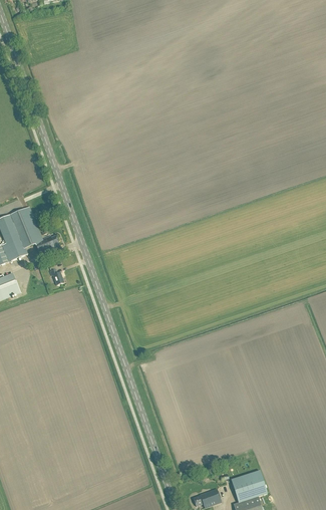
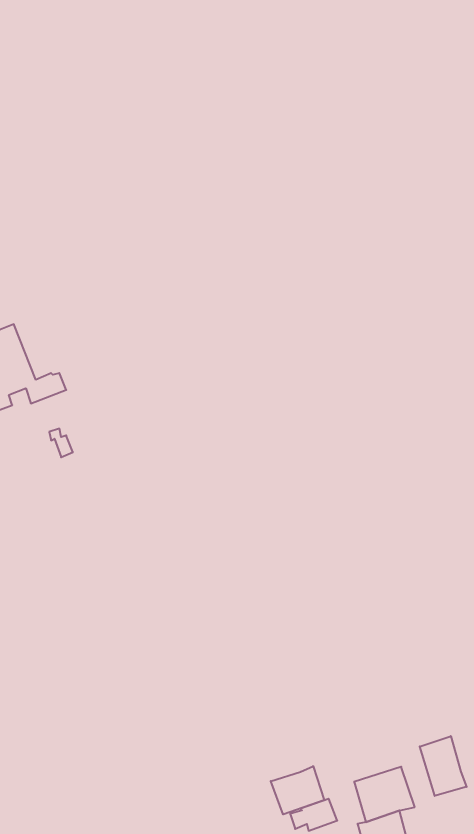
building: none -> [420,736,467,796]
building: none -> [271,766,324,814]

